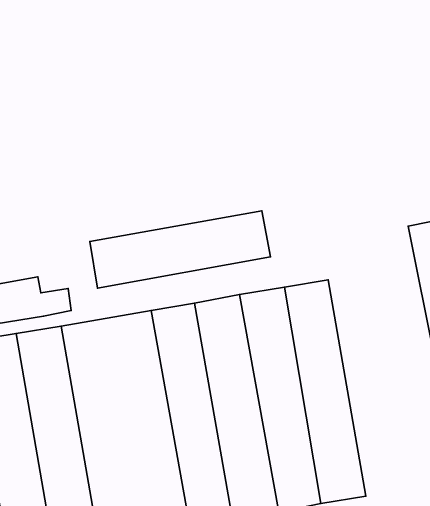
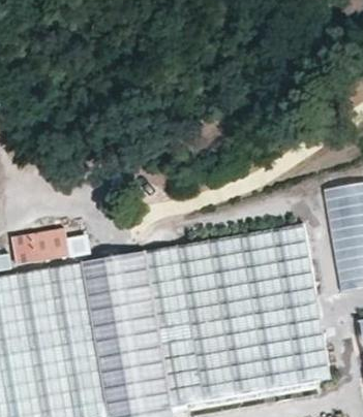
building: [90,211,271,288] -> none
building: none -> [271,225,330,385]

